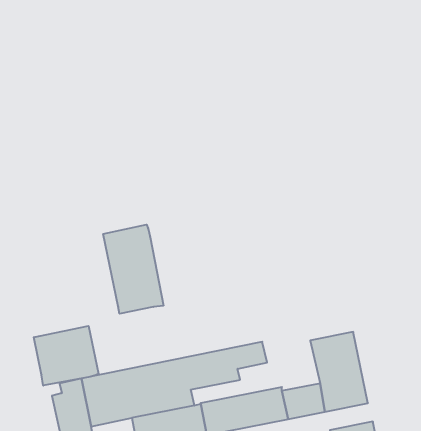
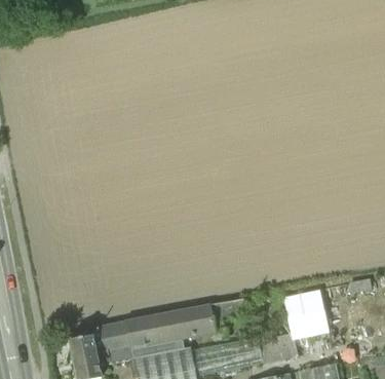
building: [103,225,163,314] -> none
building: [34,326,99,386] -> none

